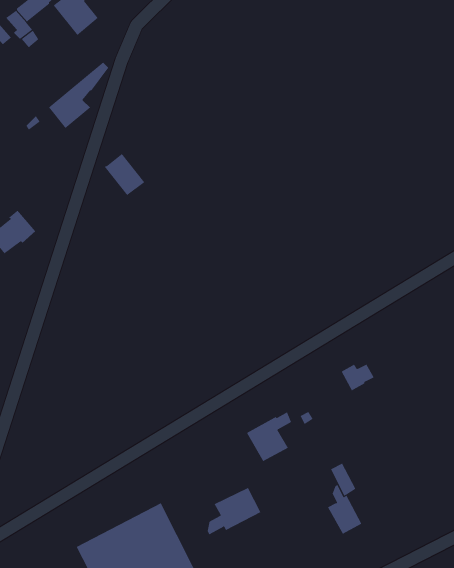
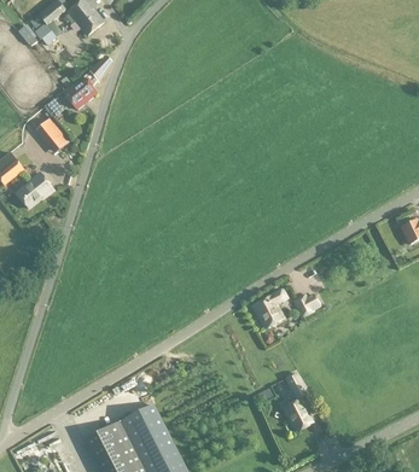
building: [104,153,145,196] -> [35,118,68,152]
building: [246,411,292,462] -> [250,289,286,328]
building: [207,487,261,535] -> none

